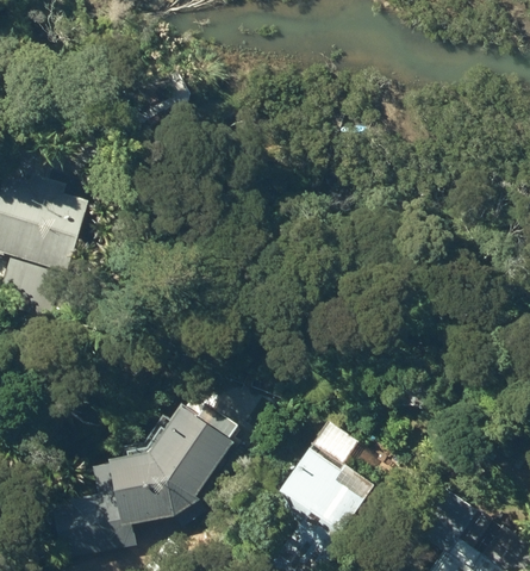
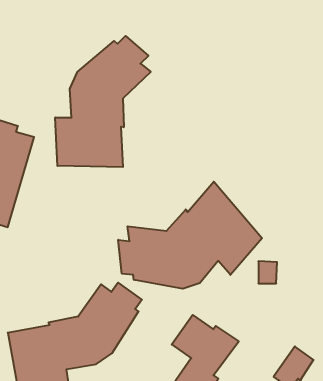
building: none -> [55,36,151,167]
building: none -> [118,182,262,289]

